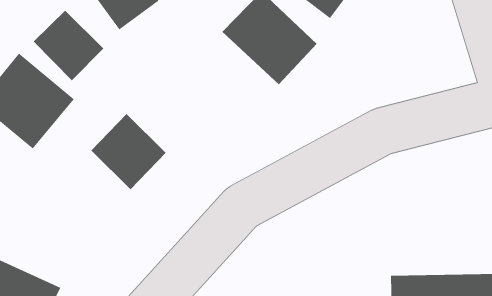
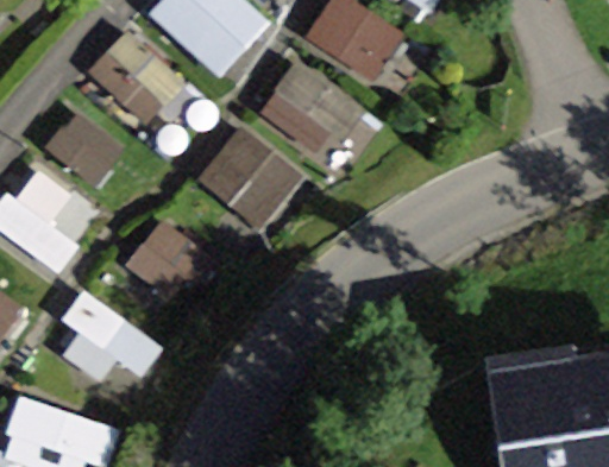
building: none -> [203,125,306,222]
building: none -> [56,298,169,383]

